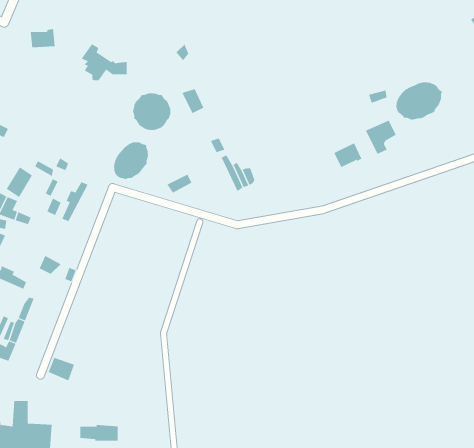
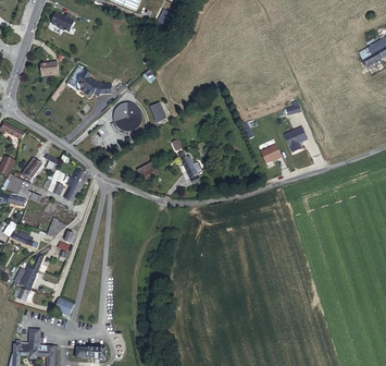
building: [396,81,443,120] -> none
building: [114,142,148,180] -> none

